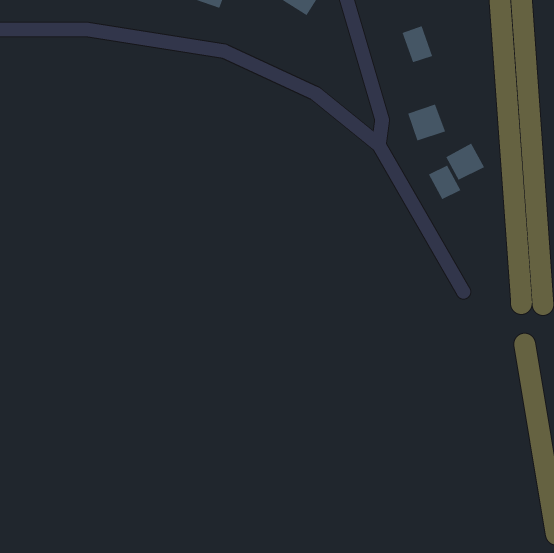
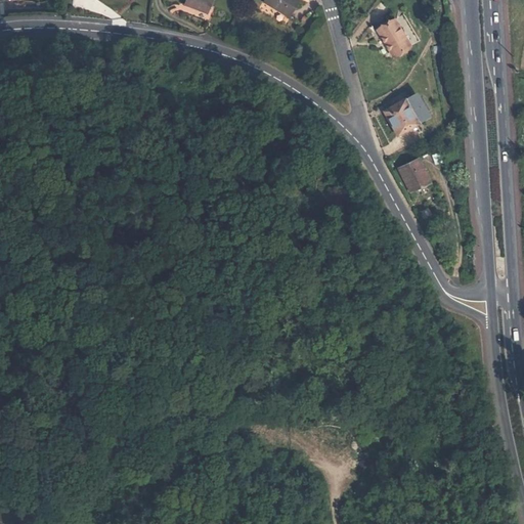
building: [445,143,485,181] -> none

